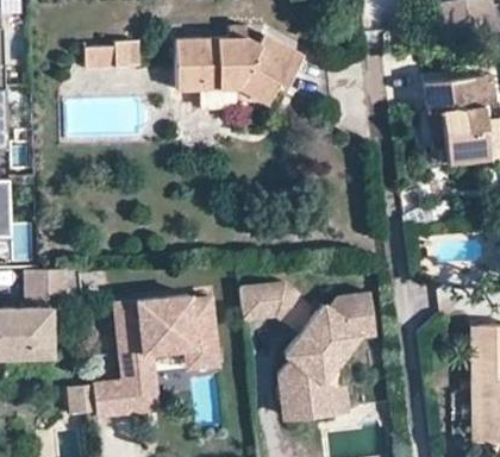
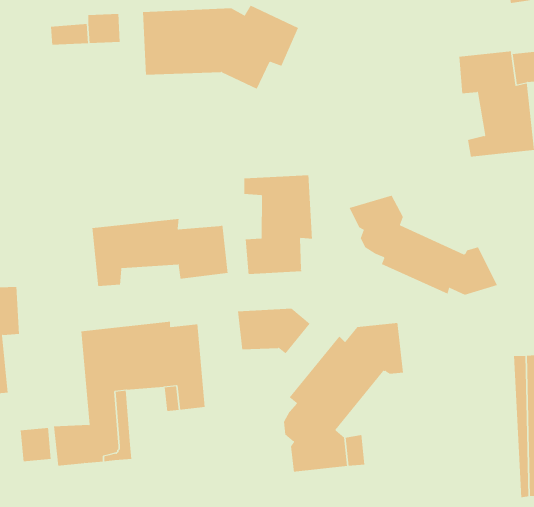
building: none -> [244,175,312,275]
building: none -> [349,195,498,295]
building: none -> [92,218,228,287]

